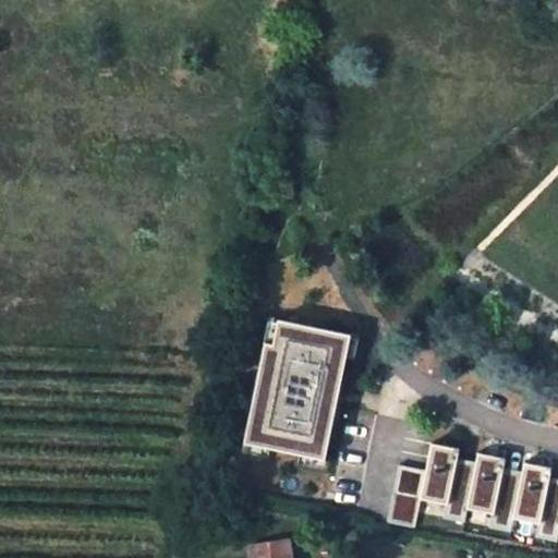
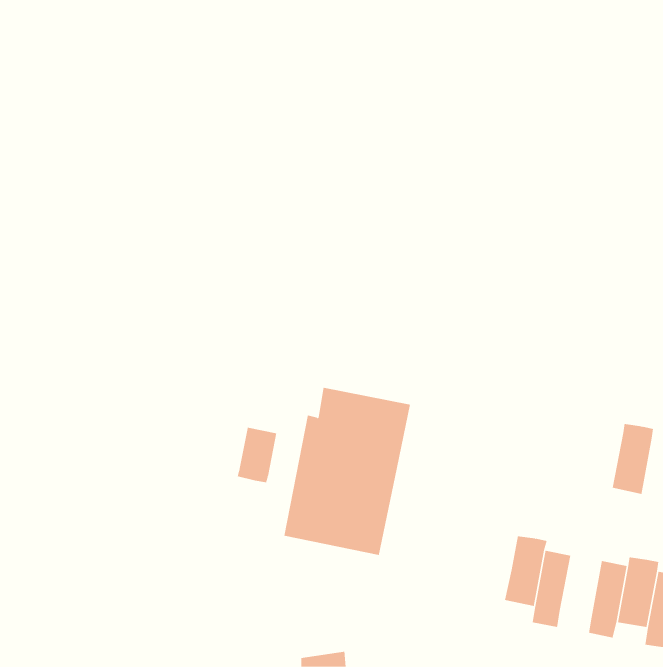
building: none -> [237,427,277,483]
building: [472,453,507,512] -> [612,424,654,495]
building: [393,468,430,526] -> none

